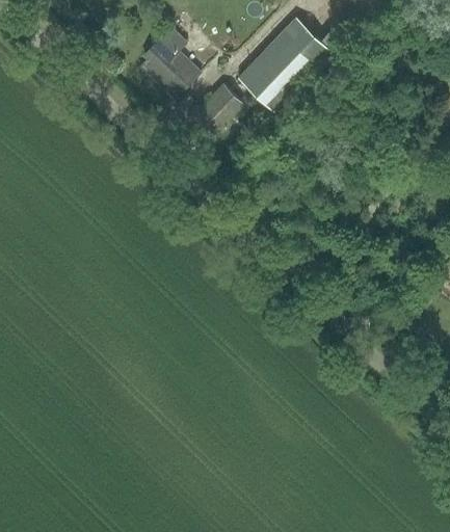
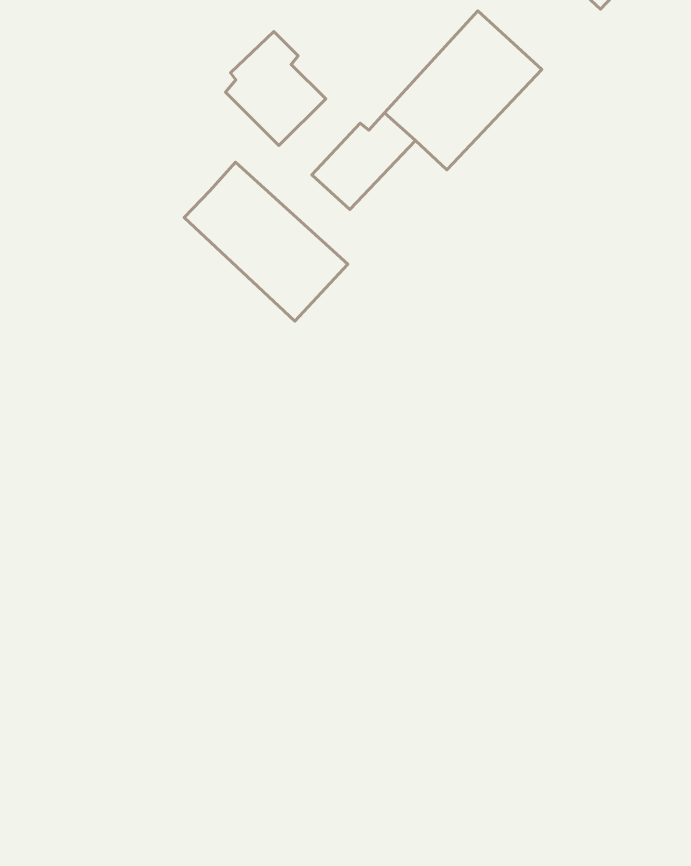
building: none -> [184,162,348,321]

